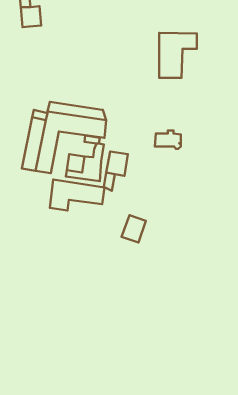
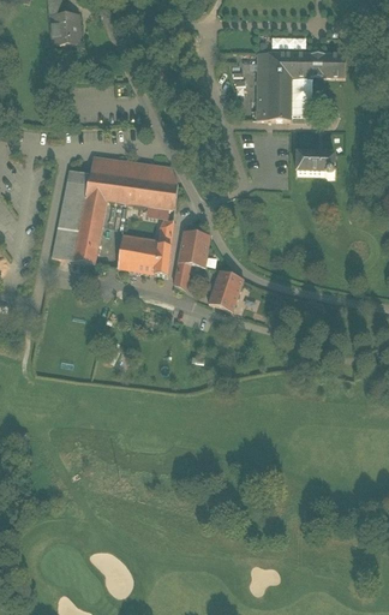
building: none -> [322,53,346,77]
building: [155,130,181,149] -> [297,148,335,175]
building: [50,180,105,211] -> none
building: [122,215,146,242] -> [208,269,244,310]

